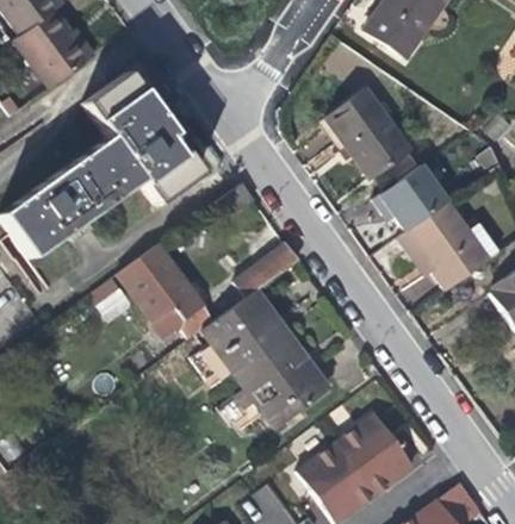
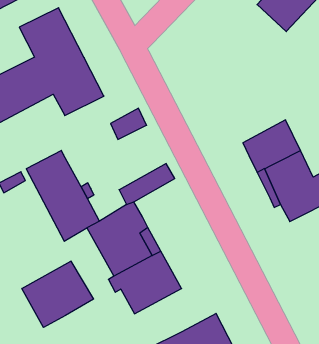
building: [328,89,410,179] -> none
building: none -> [22,261,94,327]

